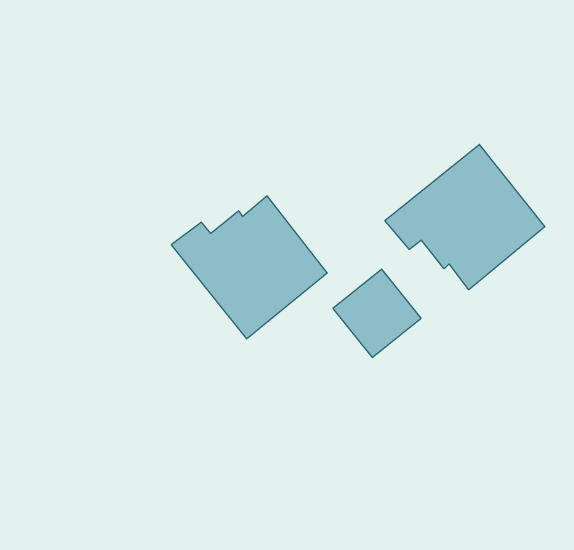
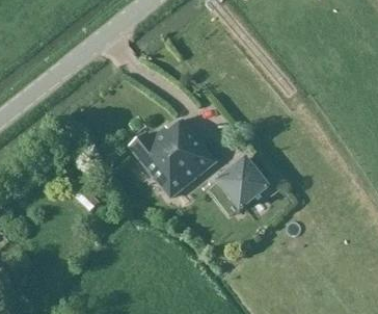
building: [385,144,545,290] -> none

